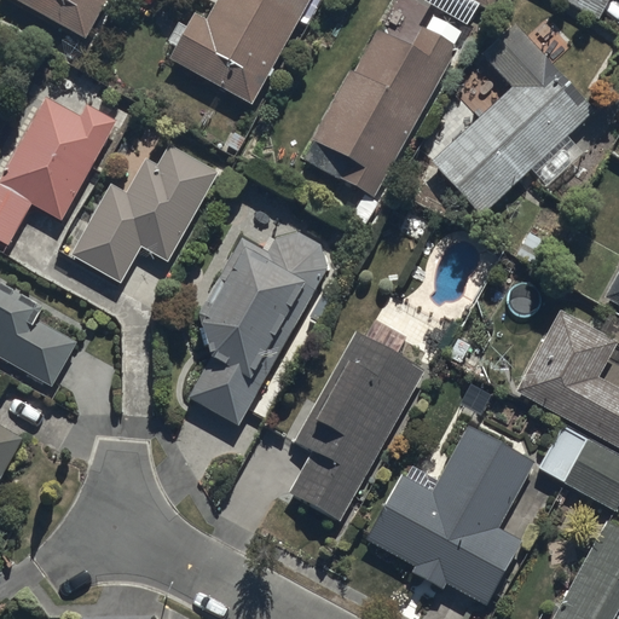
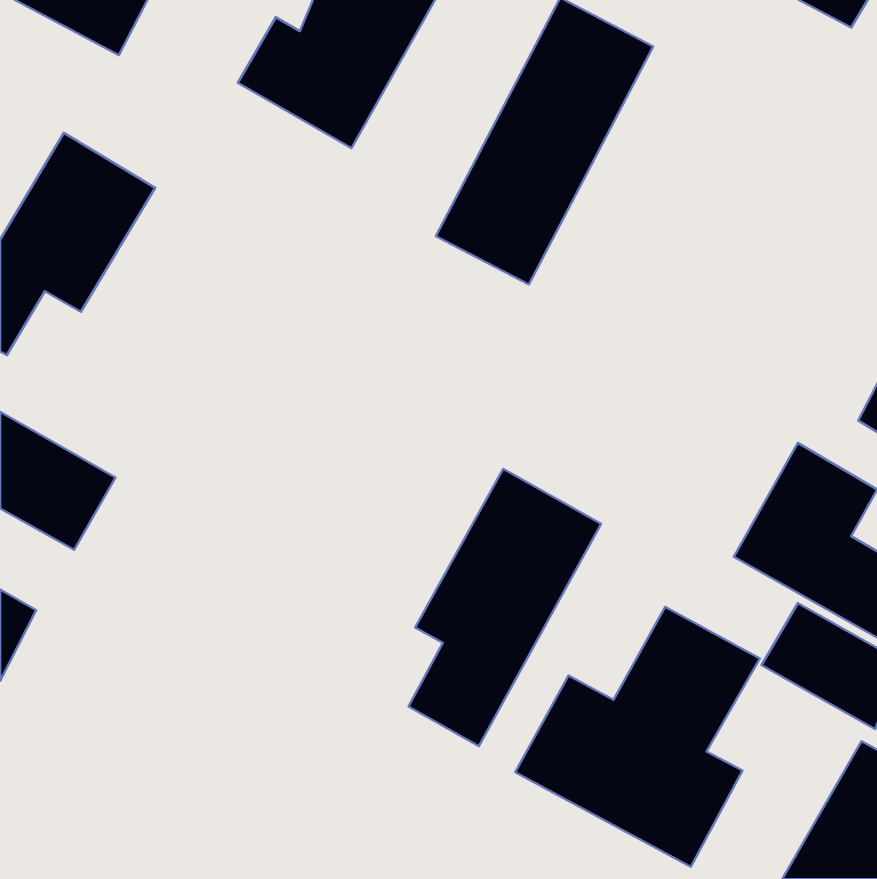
building: [427,21,597,218] -> none
building: [71,144,219,283] -> none
building: [187,232,328,426] -> none

